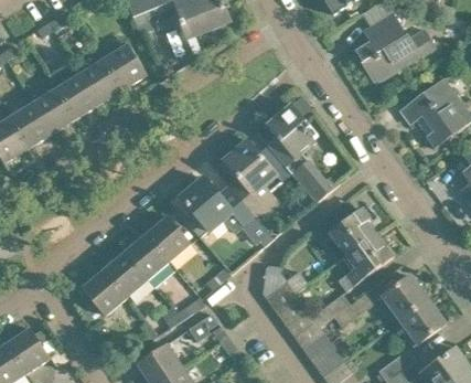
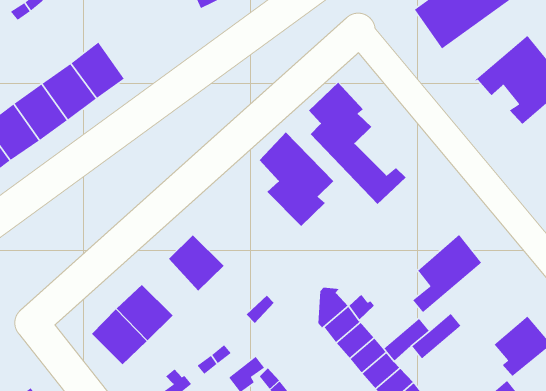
building: [104,44,147,89] -> none
building: [180,177,272,247] -> none
building: [315,205,374,260] -> none
building: [125,234,169,279] -> none
building: [377,275,428,320] -> none

